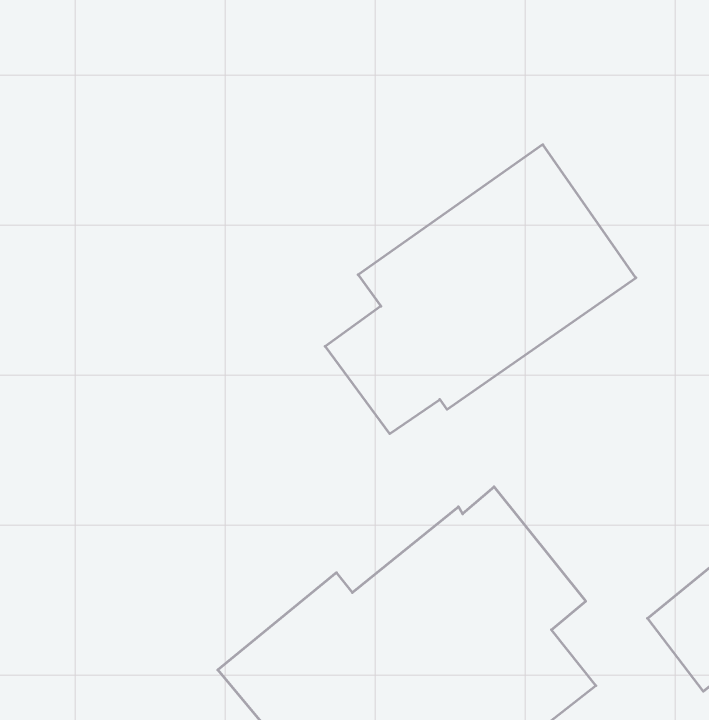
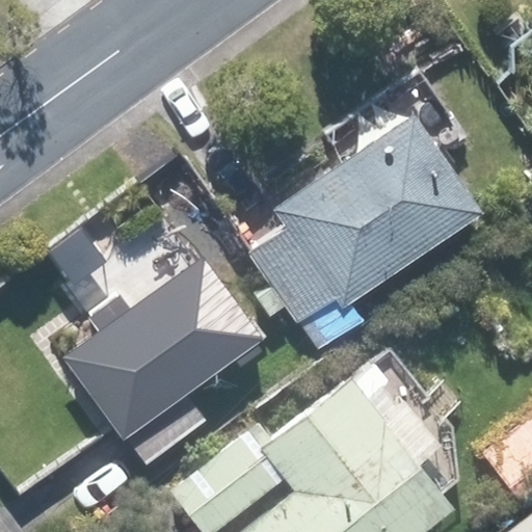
building: none -> [66,256,263,466]

